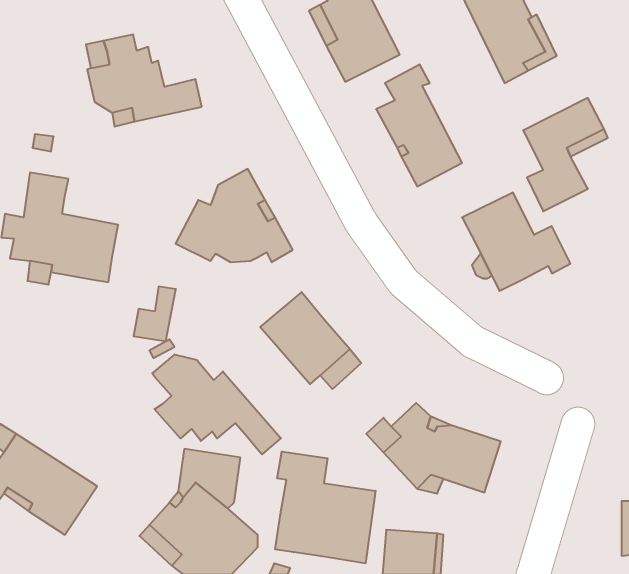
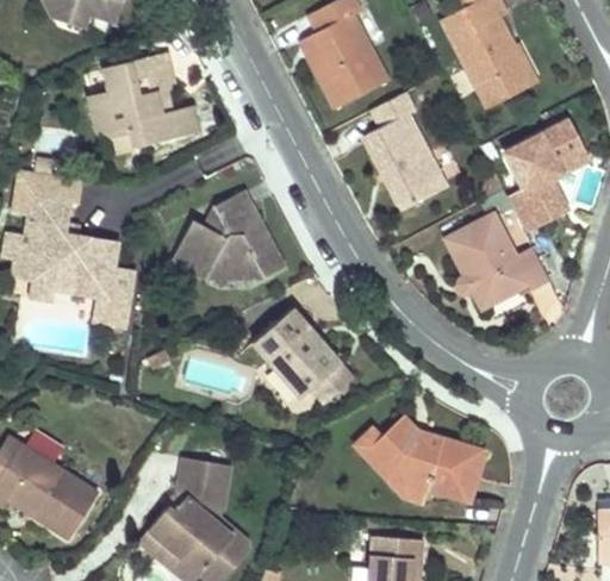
building: none -> [132,54,174,112]
building: [134,287,176,341] -> [88,275,129,327]
building: [152,354,281,454] -> none
building: [275,451,376,563] -> none

